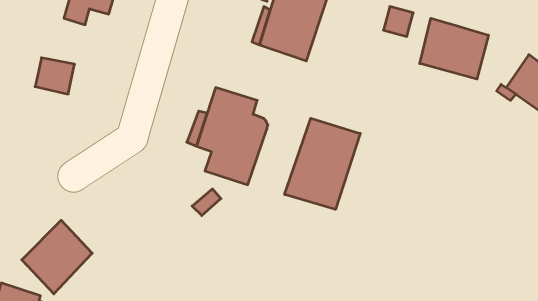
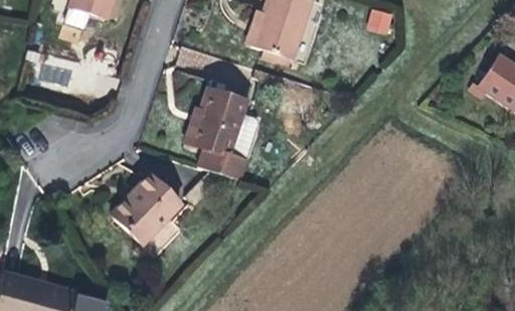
building: [420,18,488,79] -> none
building: [285,118,360,209] -> none
building: [22,220,92,294] -> [116,174,182,244]

